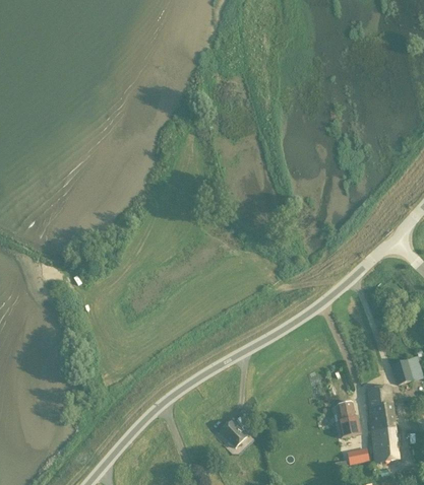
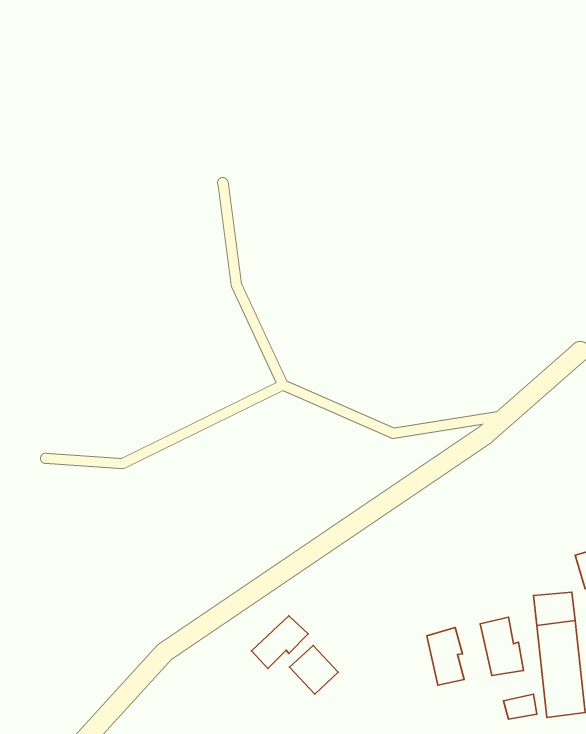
building: none -> [251,616,308,669]
building: none -> [427,627,464,685]

